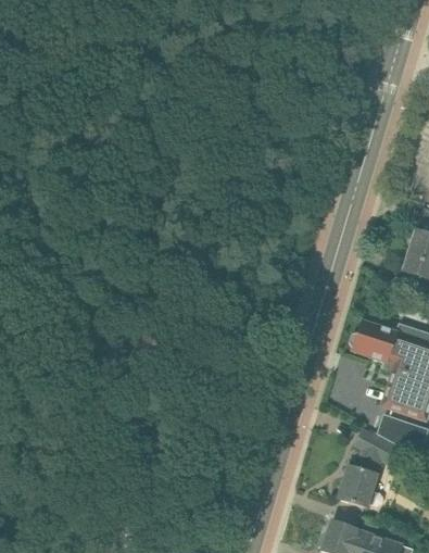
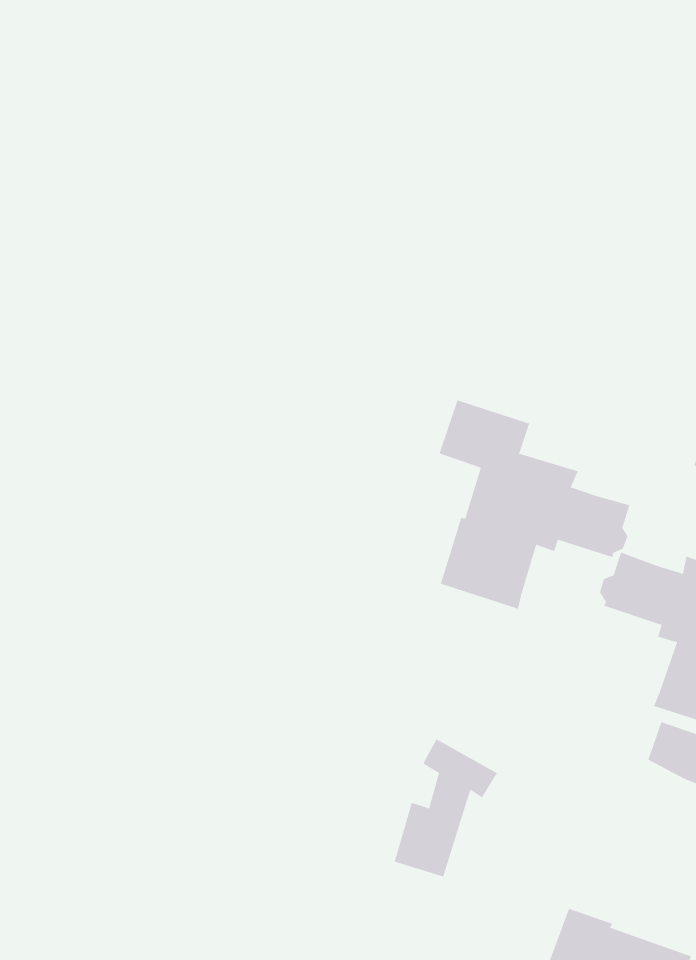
building: none -> [439,399,630,609]
building: [339,429,398,507] -> [394,739,498,877]

